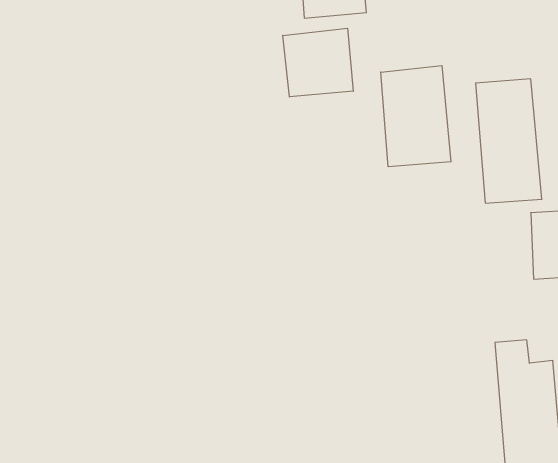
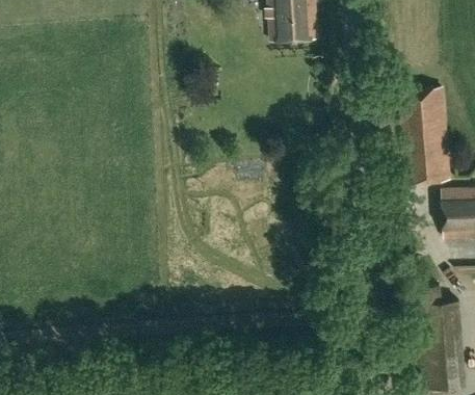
building: [283,28,353,97] -> none
building: [381,66,451,167] -> none

